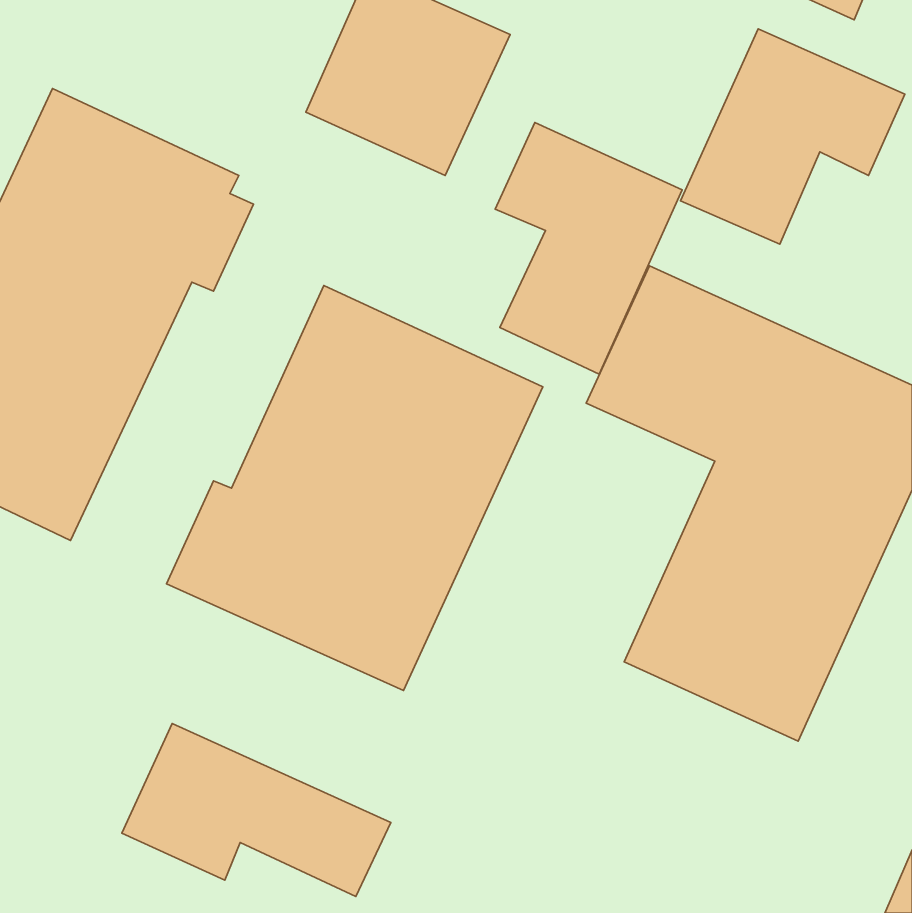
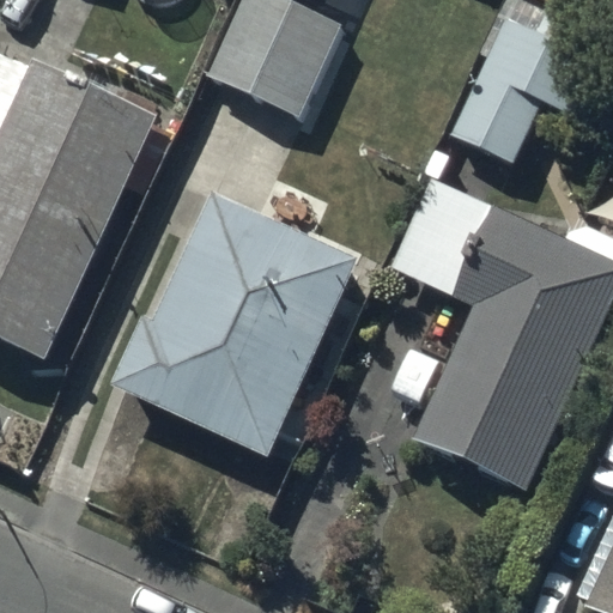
building: [495,123,682,374] -> none
building: [122,724,391,896] -> none

